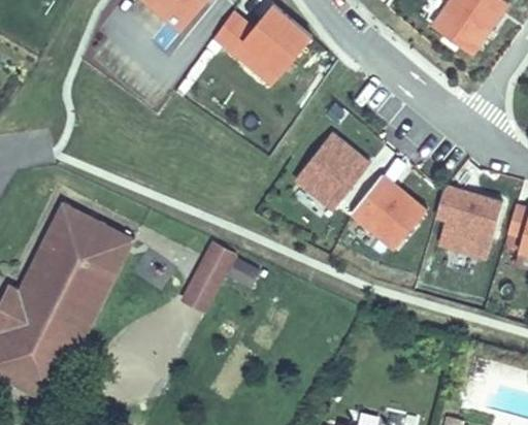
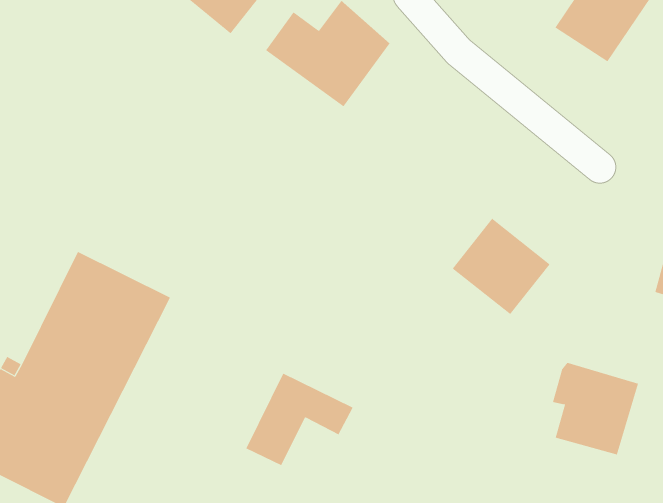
building: [297,134,371,210] -> none
building: [437,185,504,257] -> [552,362,639,455]
building: [176,238,260,310] -> [246,373,354,466]

